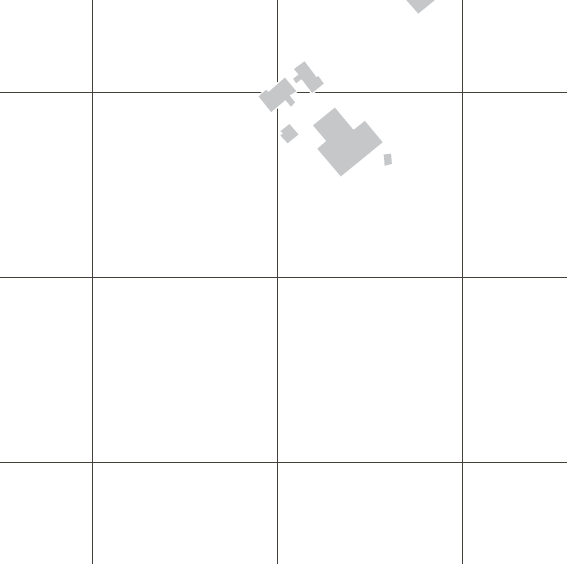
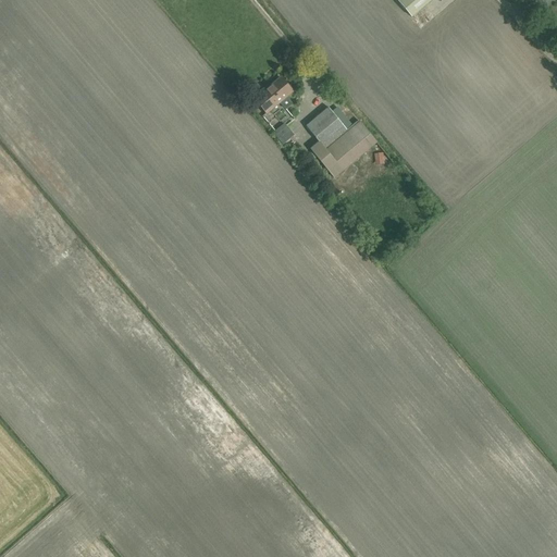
building: [292,60,325,94] -> none

